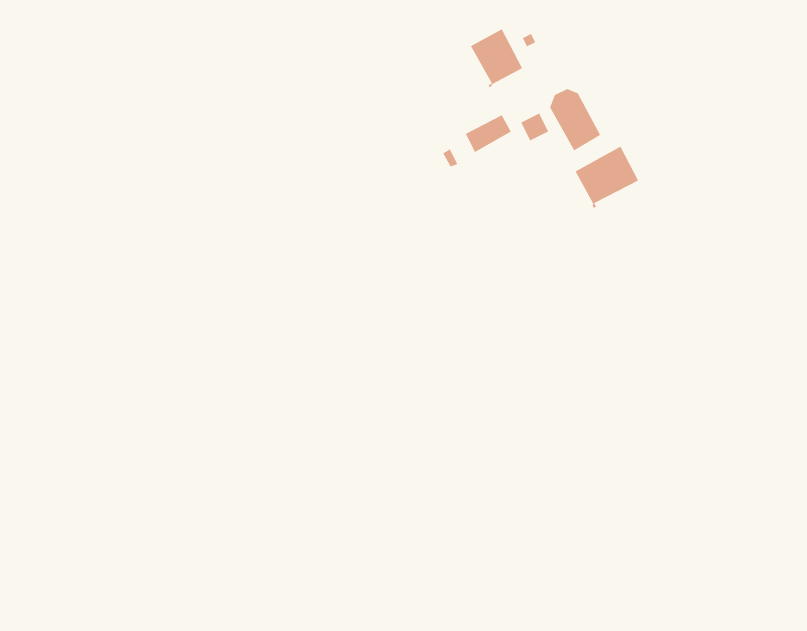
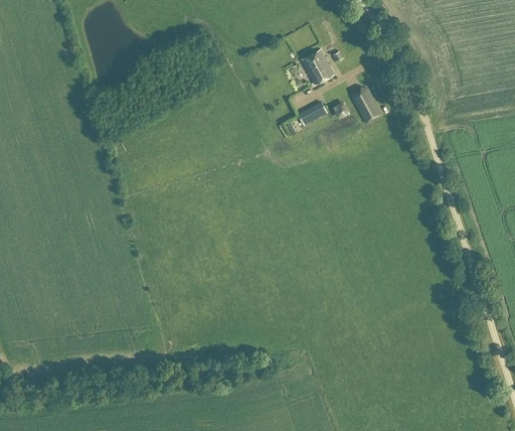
building: [575,145,639,209] -> none

